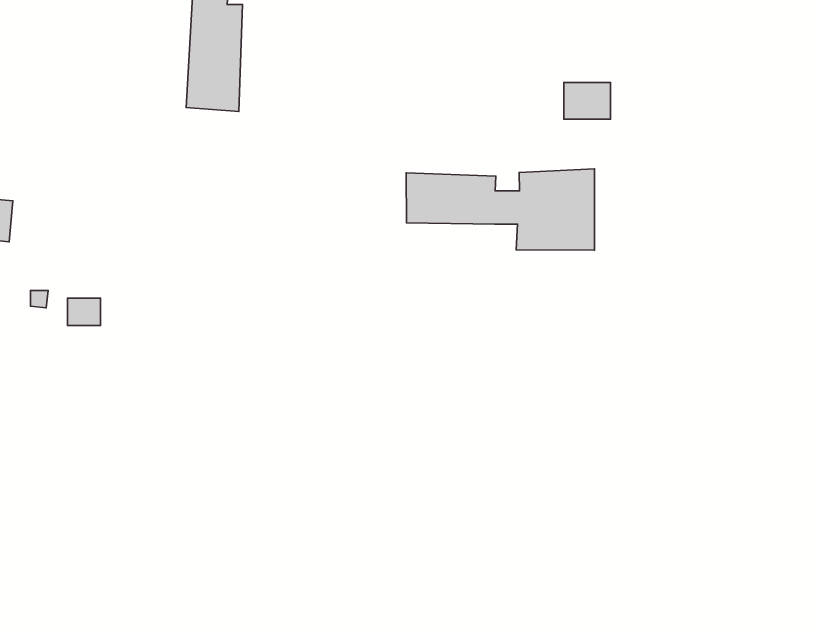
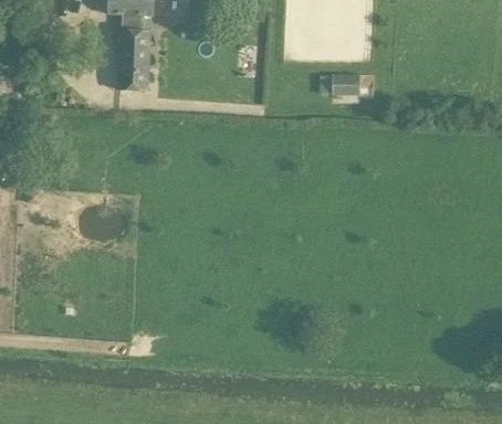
building: [406,169,595,250] -> none

